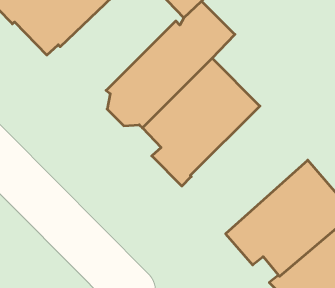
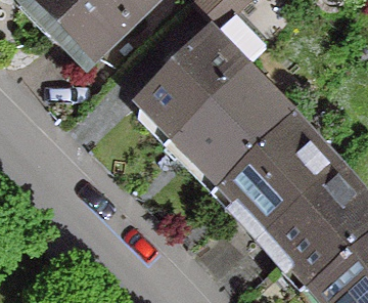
building: none -> [223,113,338,239]

